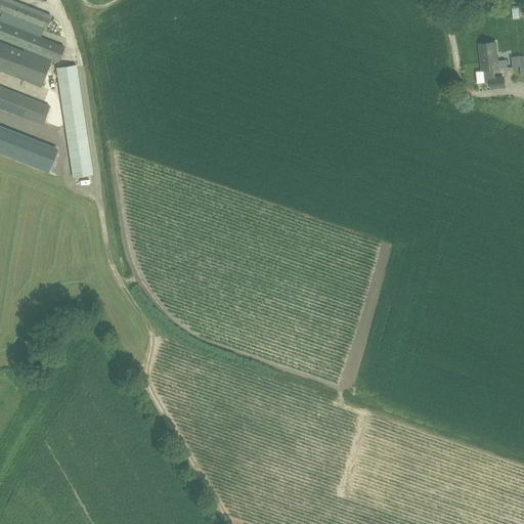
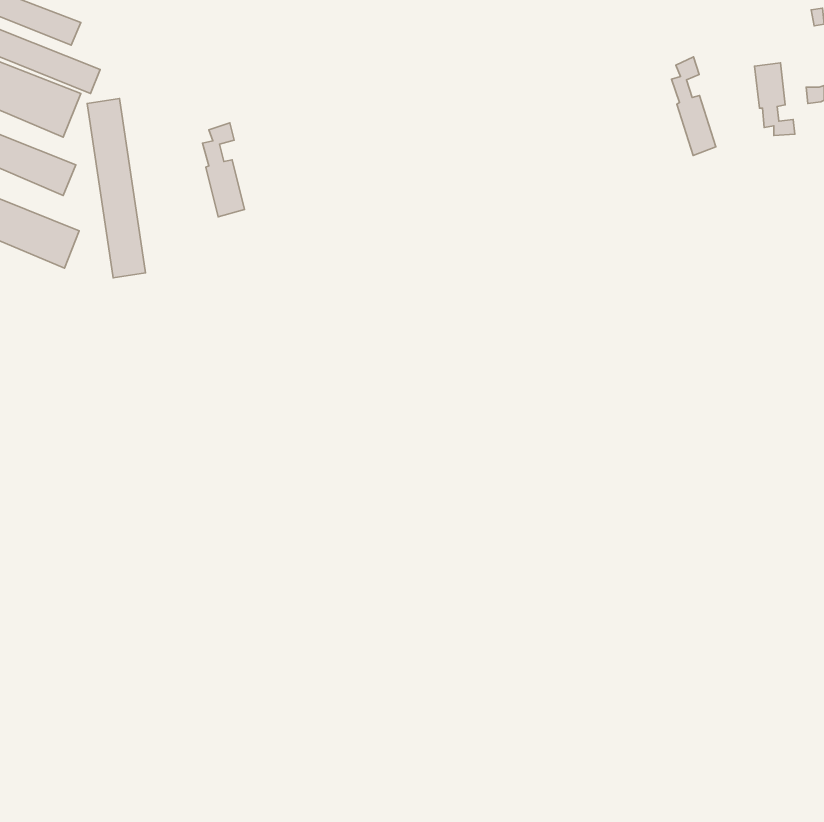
building: none -> [672,57,716,156]
building: none -> [203,123,245,217]

